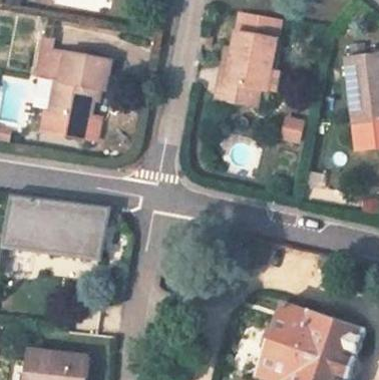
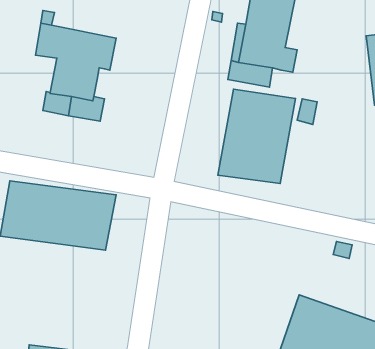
building: none -> [218,89,295,184]

